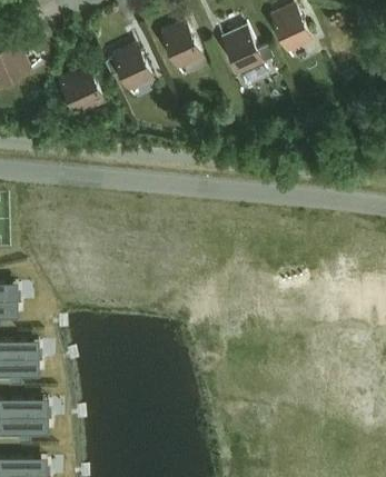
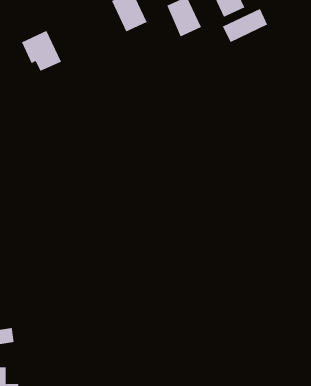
building: none -> [222,8,268,43]
building: [112,47,152,93] -> none

